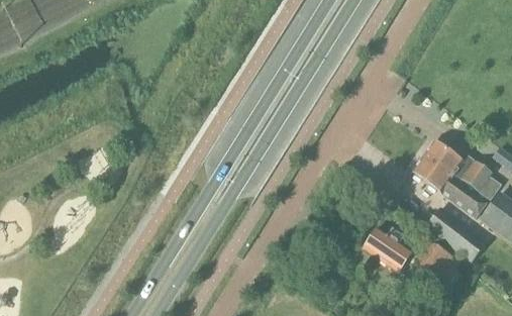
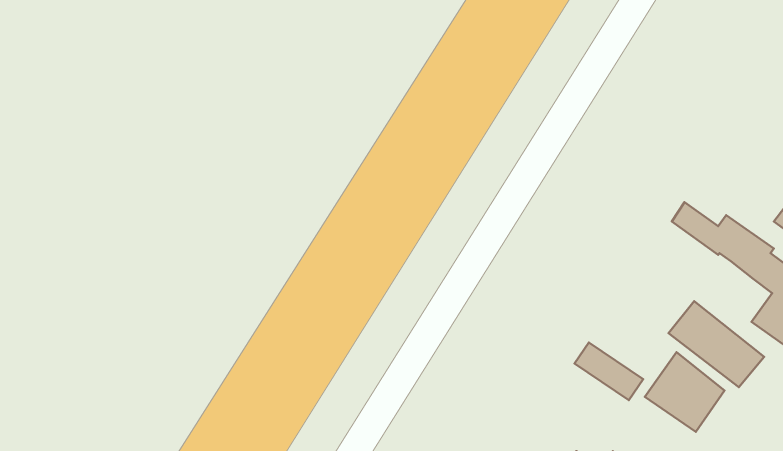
building: [414,154,491,218] -> none

